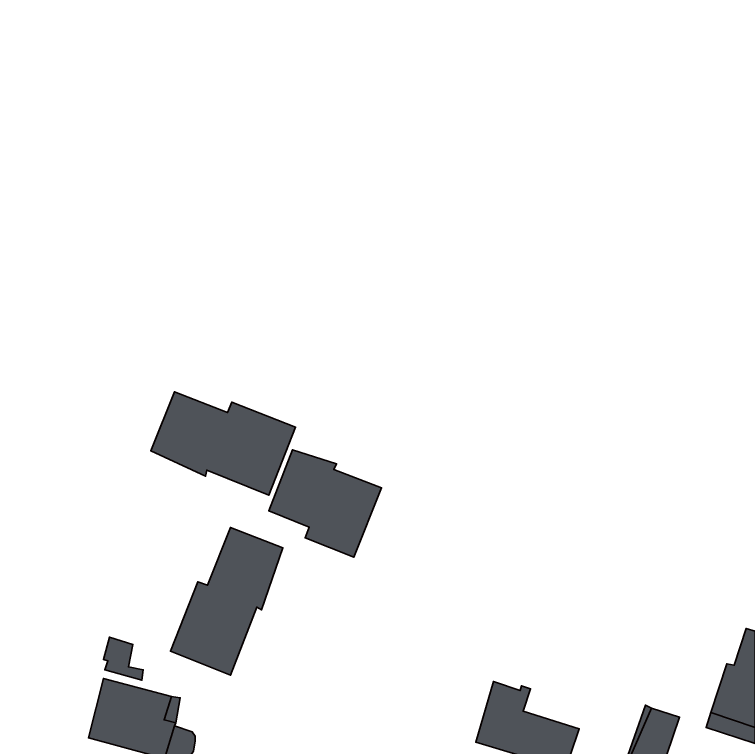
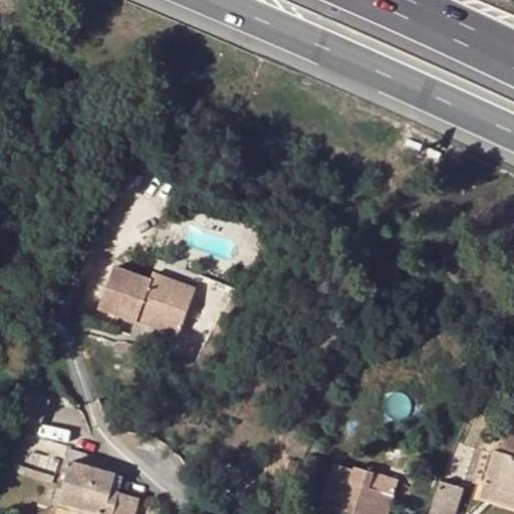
building: [269,450,382,557] -> none
building: [171,527,283,675] -> none

